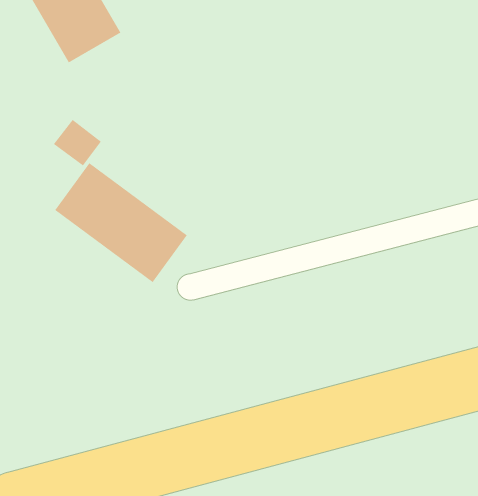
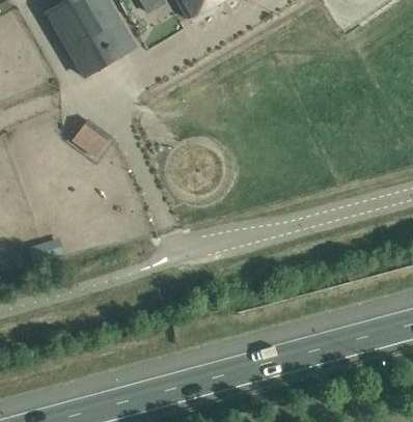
building: [54,162,188,283] -> none

